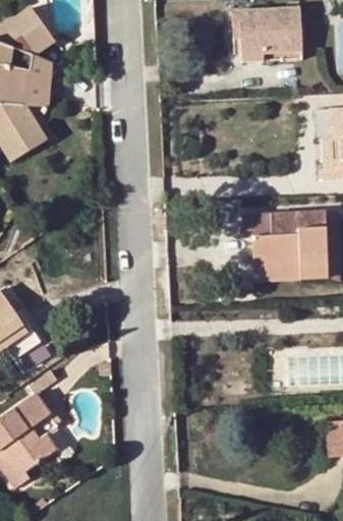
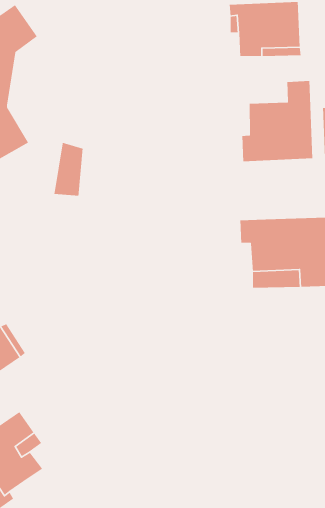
building: [22,55,51,107] -> [54,142,84,197]
building: none -> [241,80,313,162]

